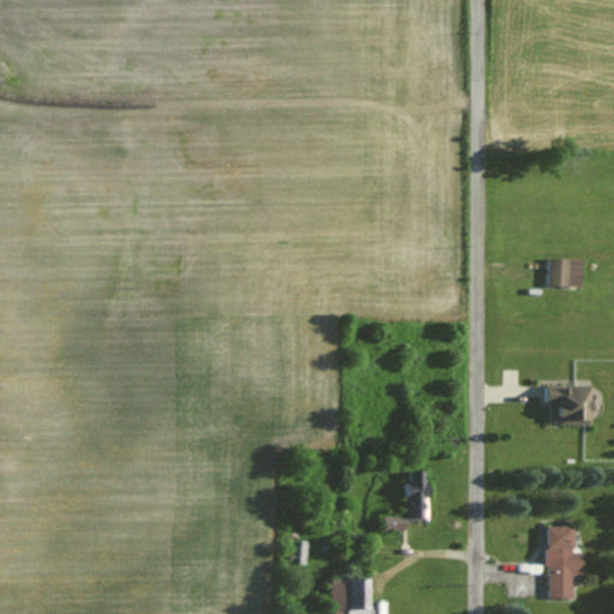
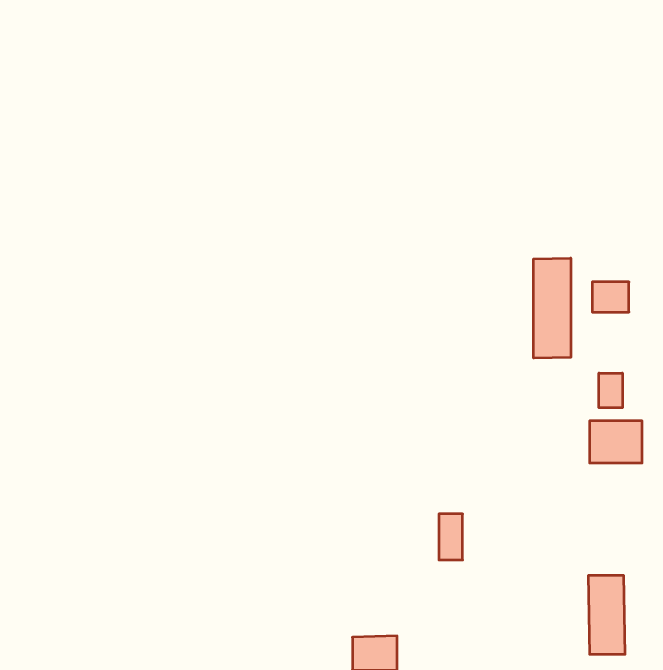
building: none -> [534,258,571,358]
building: none -> [599,373,622,408]

